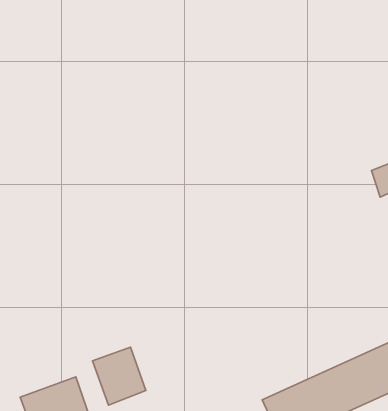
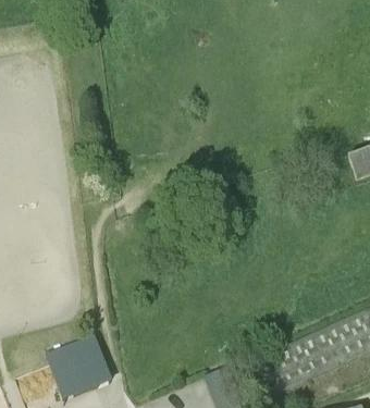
building: [92,347,146,405] -> none

